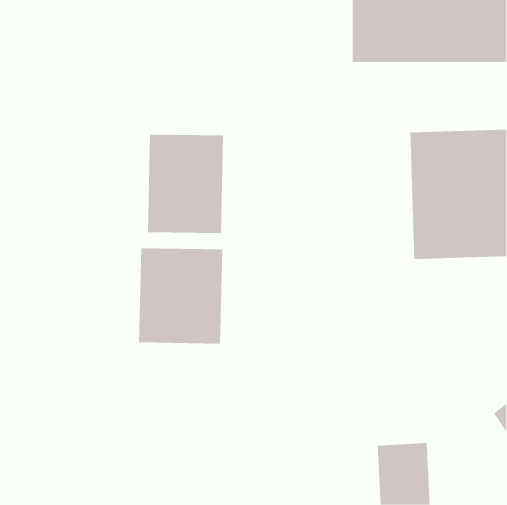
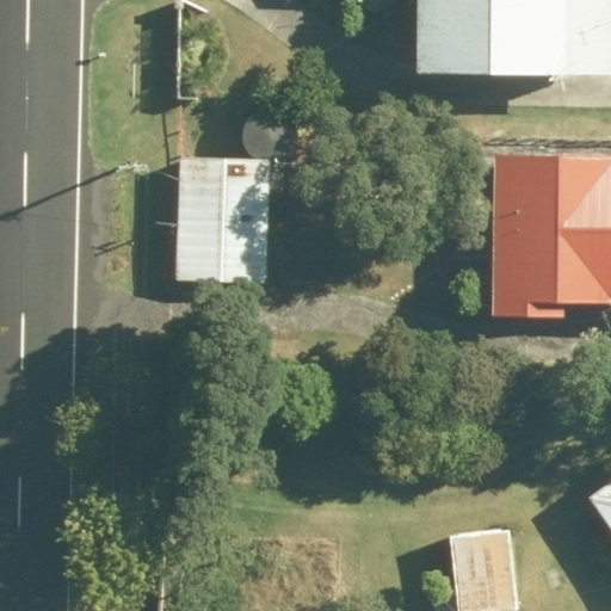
building: [138,247,223,344] -> none

